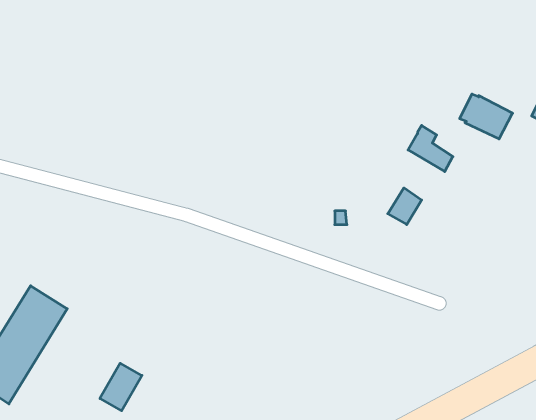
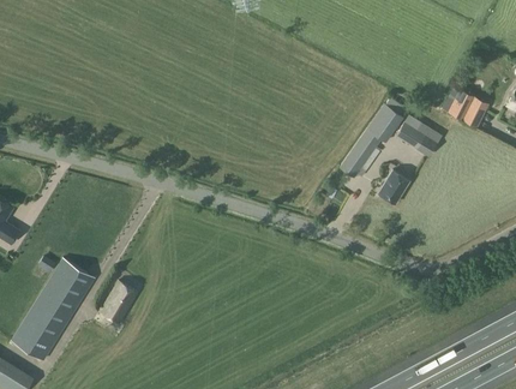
building: none -> [338,97,403,179]
building: [100,363,142,411] -> [100,281,137,323]

